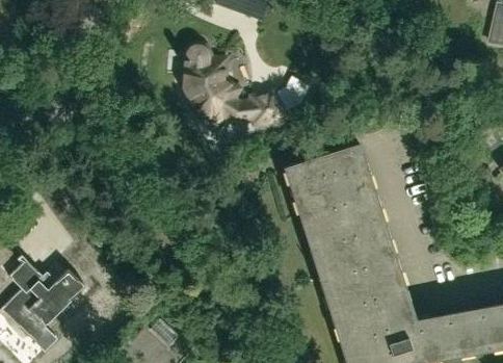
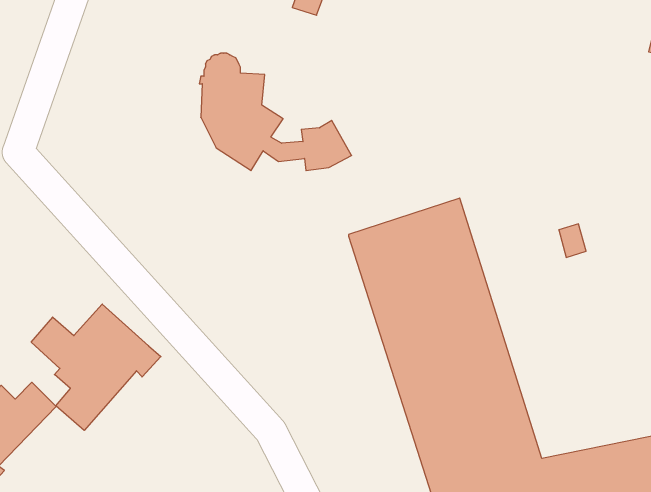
building: none -> [31,304,161,430]

